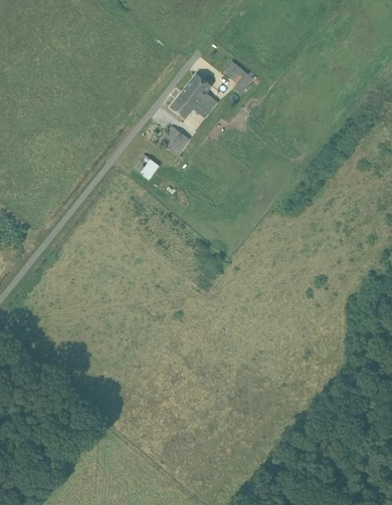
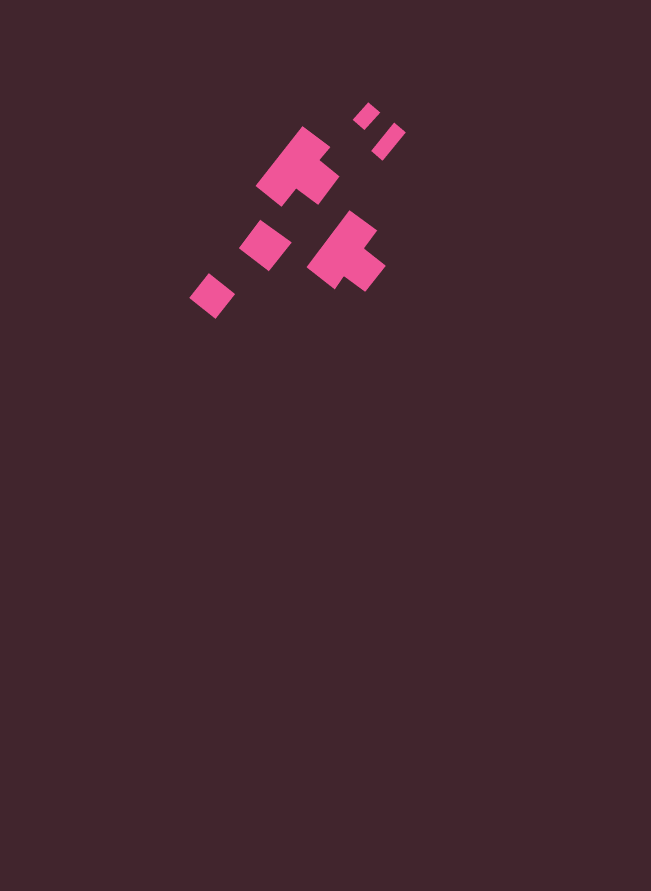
building: none -> [306,209,387,293]

